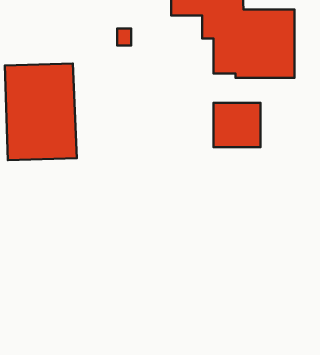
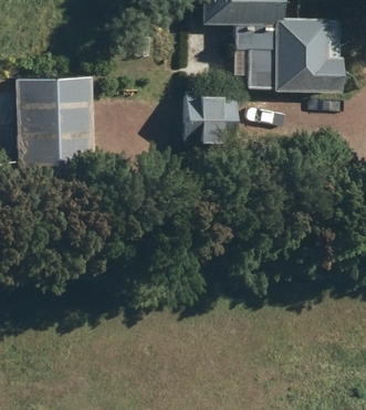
building: [213,103,261,147] -> [185,93,237,141]

